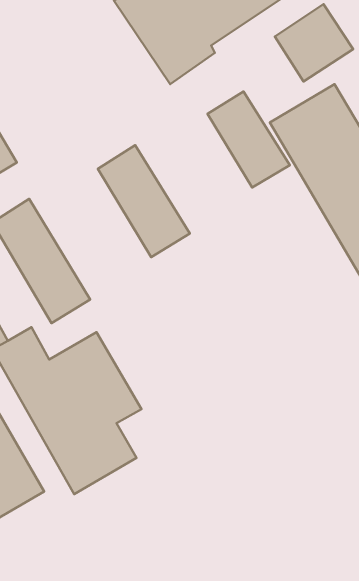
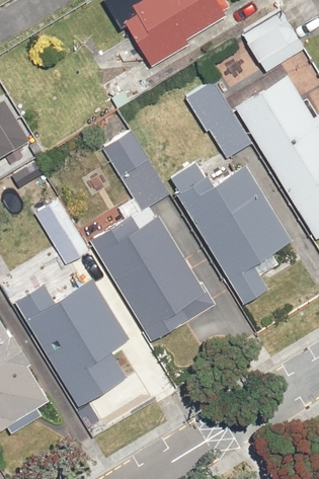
building: none -> [168,161,292,306]
building: none -> [89,215,211,341]

